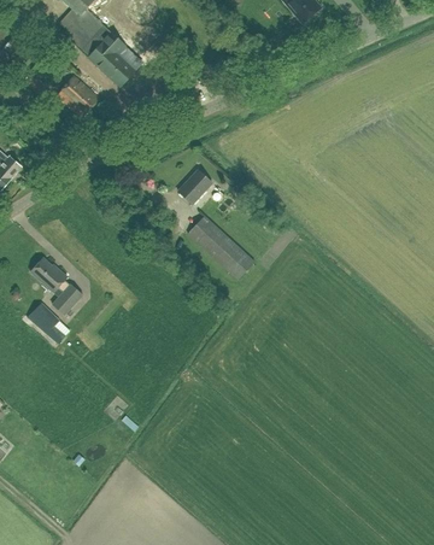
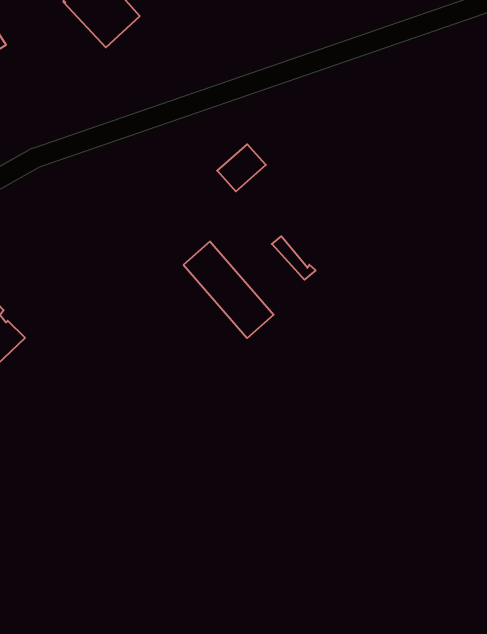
building: [54,75,96,116] -> none
building: [177,169,211,203] -> [217,144,266,191]

